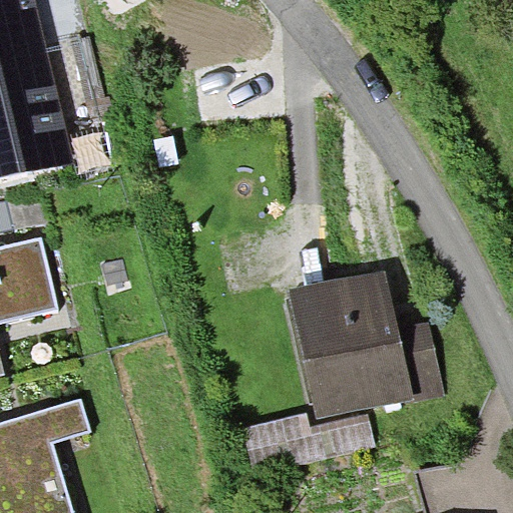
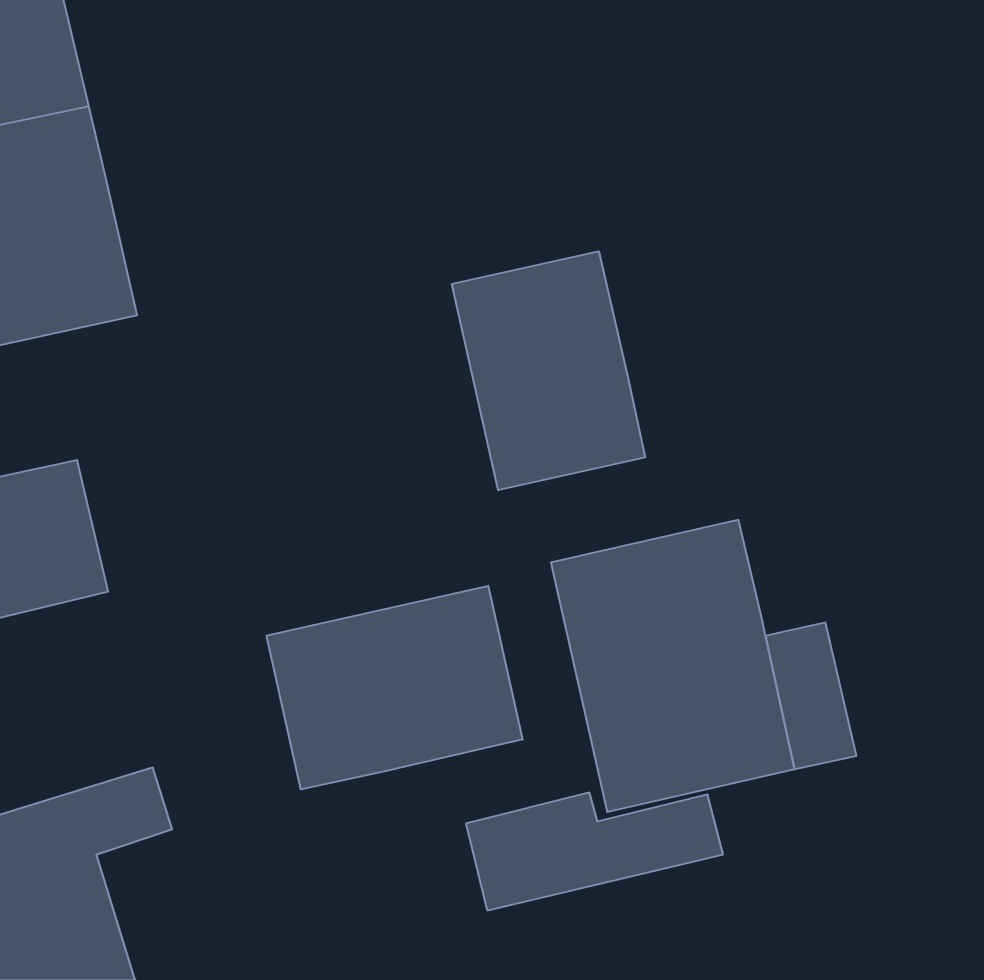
building: none -> [452,251,645,490]
building: none -> [267,586,523,789]

